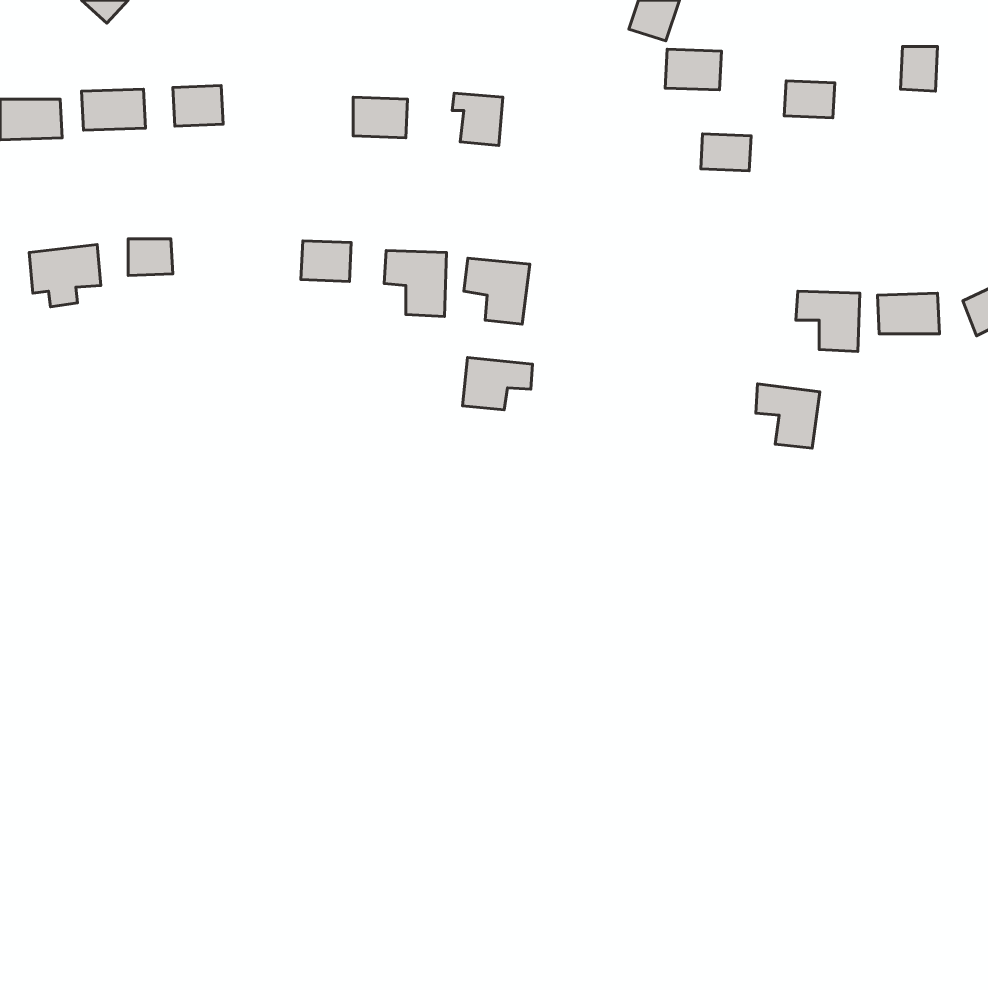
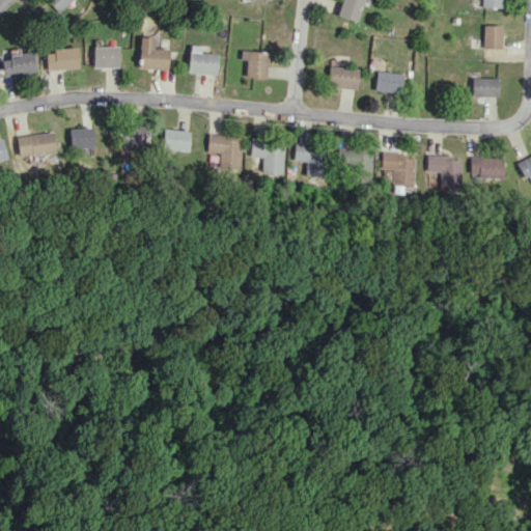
building: [665,49,722,90] -> [330,67,360,89]
building: none -> [141,37,171,69]
building: [784,81,835,118] -> [473,78,500,97]
building: none -> [117,127,145,148]
building: none -> [295,145,327,177]
building: none -> [337,149,372,185]
building: [462,357,532,410] -> none
building: [756,384,820,448] -> [382,152,416,187]

